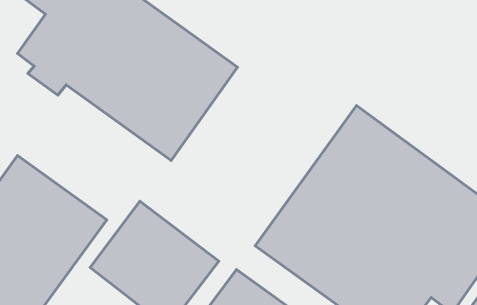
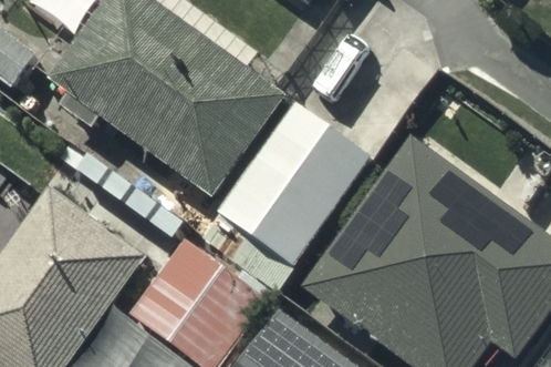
building: none -> [220,103,370,263]

